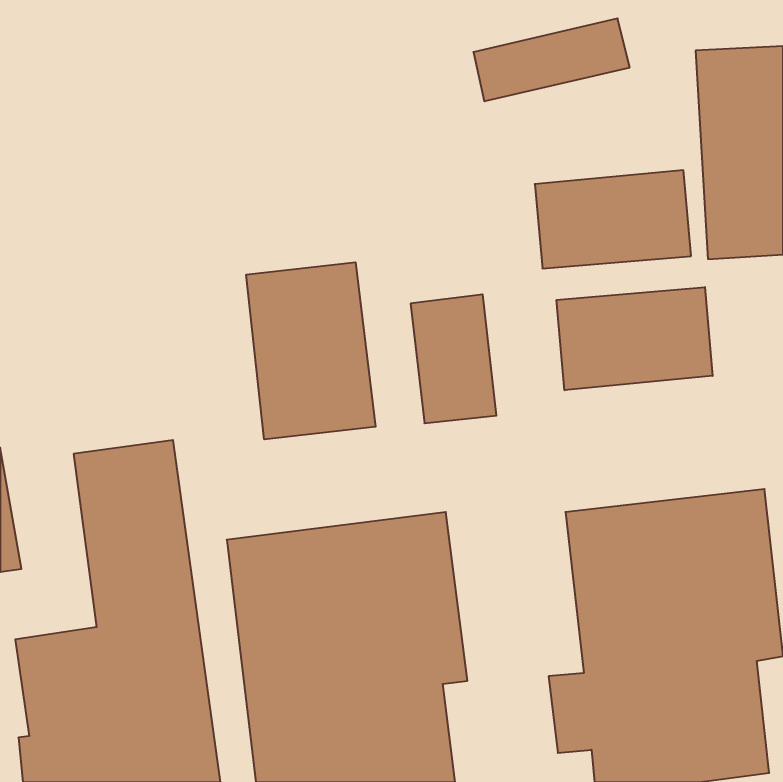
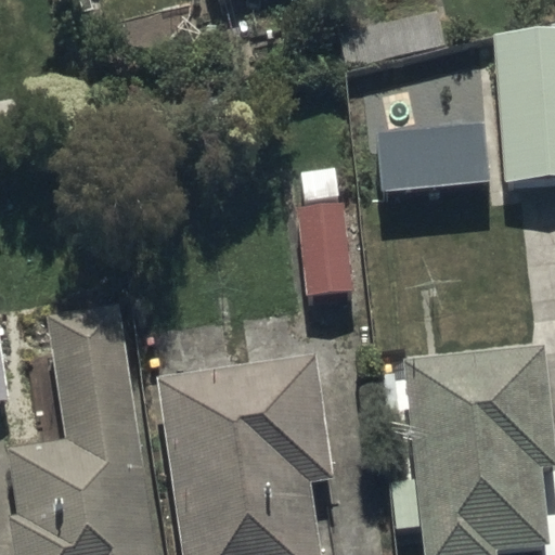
building: [246,262,376,439] -> none
building: [557,287,713,390] -> none

